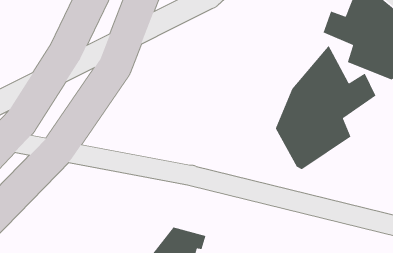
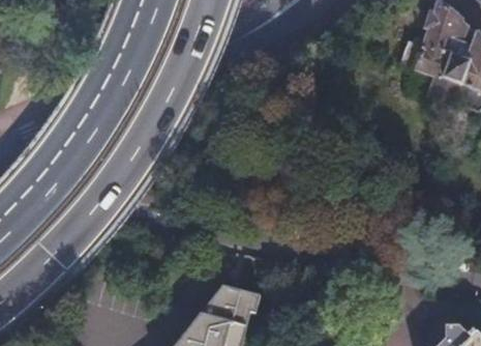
building: [275,45,377,170] -> none

